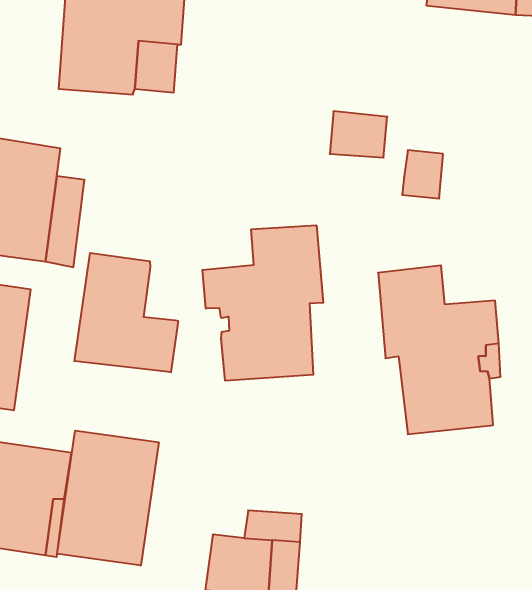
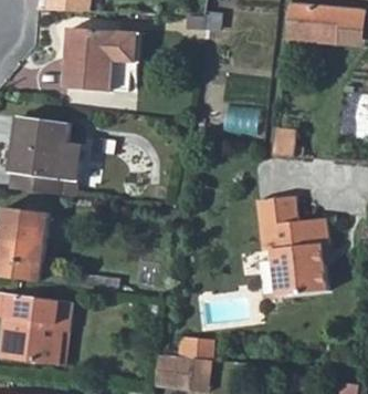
building: [203,225,323,381] -> none
building: [75,253,178,372] -> none
building: [57,431,159,566] -> none

